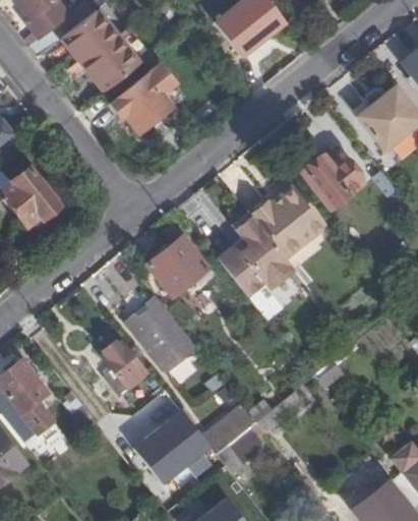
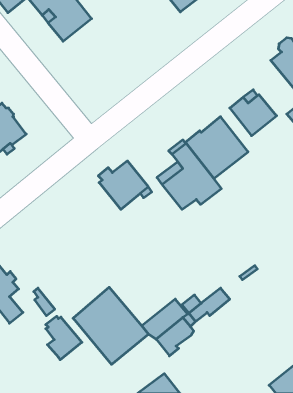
building: [115,69,176,133] -> none
building: [125,296,196,371] -> none
building: [102,341,145,394] -> [46,316,82,360]

